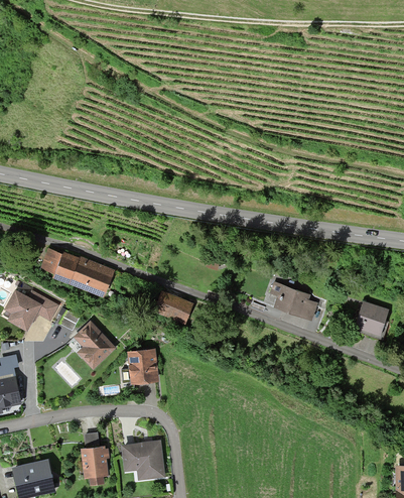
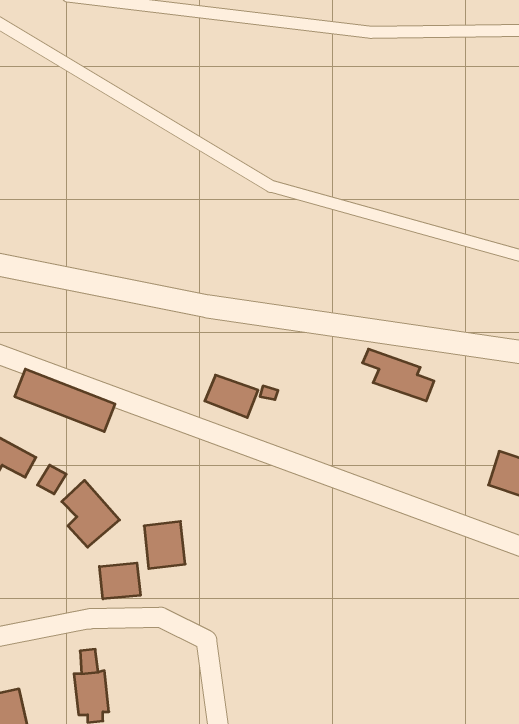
building: [270,283,317,318] -> [362,349,434,401]
building: [157,292,192,321] -> [205,375,258,418]
building: none -> [99,563,140,599]
building: [123,442,164,479] -> none

